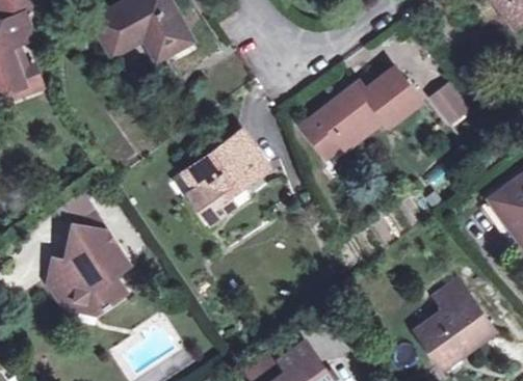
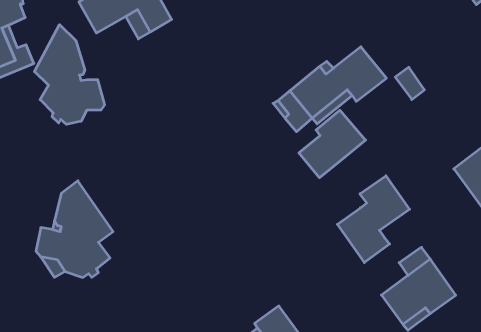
building: none -> [34,25,105,124]
building: [187,132,264,222] -> none
building: none -> [299,110,366,178]
building: none -> [337,176,410,263]

